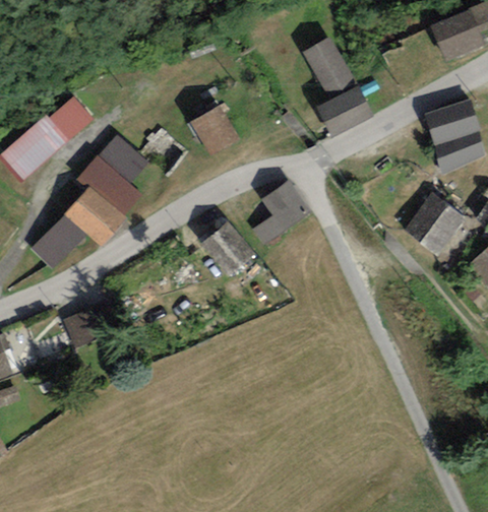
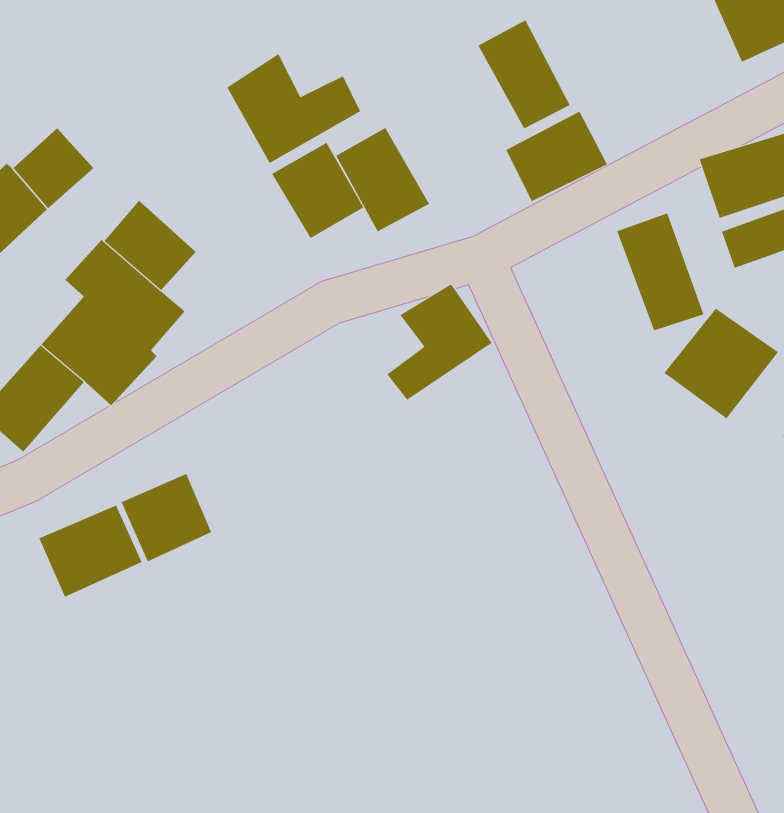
building: none -> [226,53,361,164]
building: none -> [336,127,430,232]
building: none -> [617,212,704,331]
building: [200,219,255,276] -> none
building: none -> [121,473,212,562]

